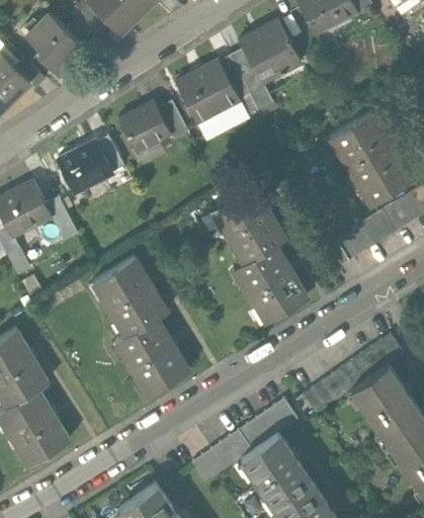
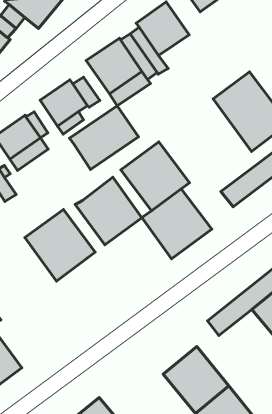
building: none -> [70,106,139,170]
building: [109,315,187,394] -> [75,177,142,245]
building: [191,401,293,481] -> none

